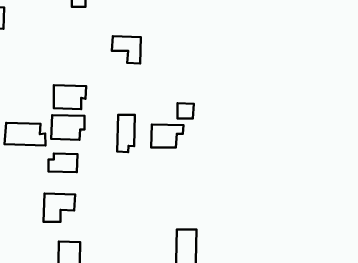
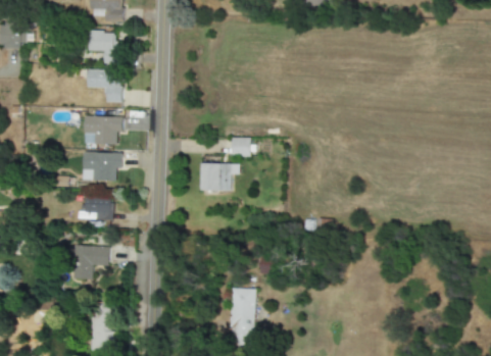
building: none -> [87,31,122,62]
building: [112,36,141,64] -> [87,69,121,102]
building: [117,115,135,152] -> none
building: [5,123,46,145] -> none

